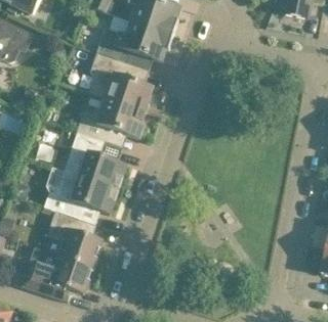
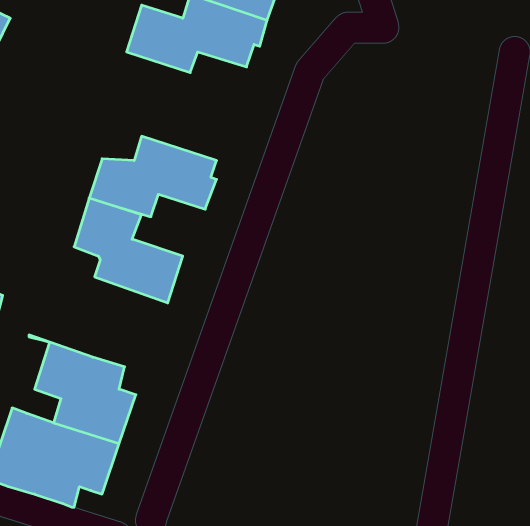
building: [90,52,153,111] -> none
building: [43,175,119,219] -> none

